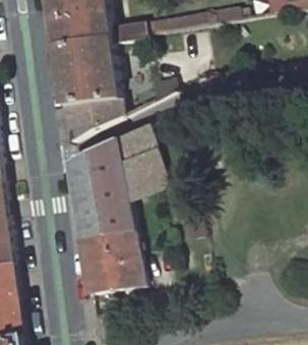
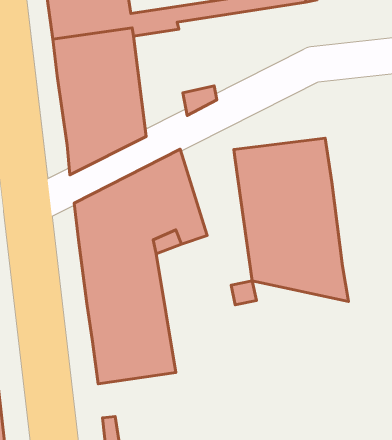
building: none -> [234,138,349,302]

